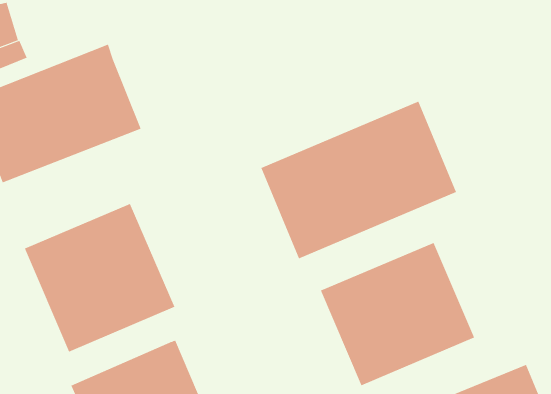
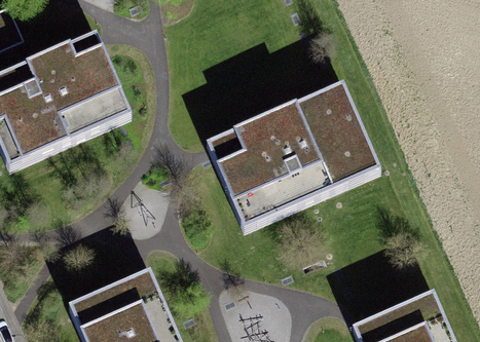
building: [24,203,175,352] -> none
building: [320,242,475,386] -> none

